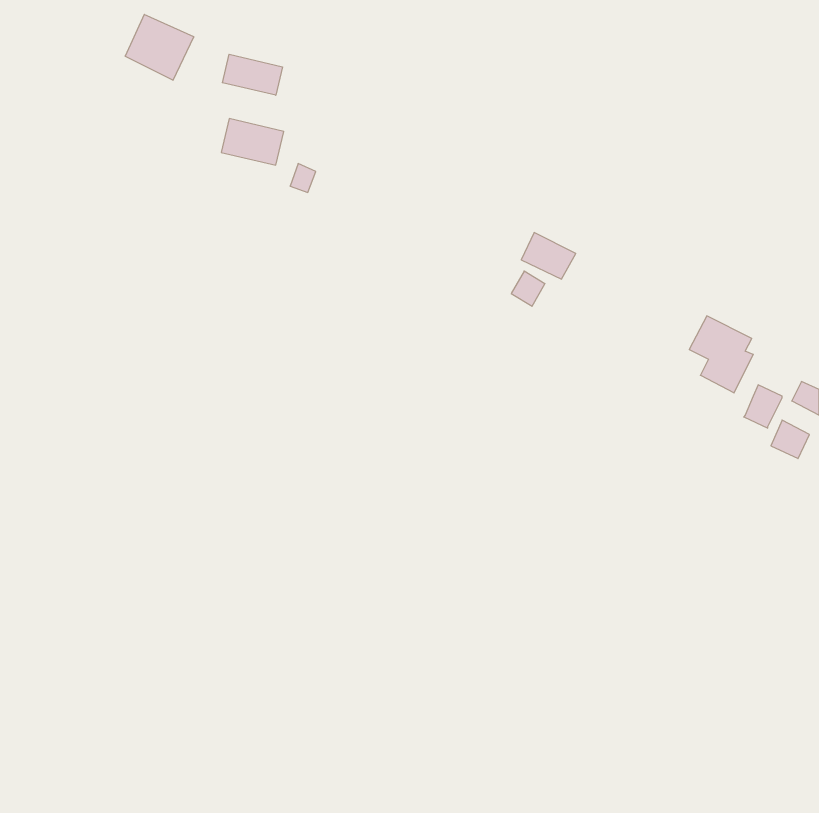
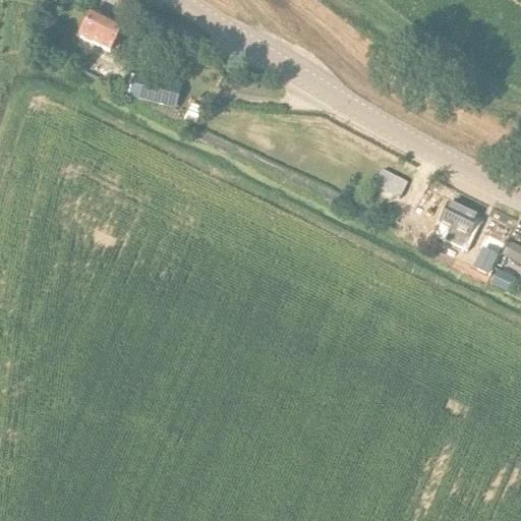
building: [222,54,282,95] -> none
building: [521,233,576,279] -> [372,166,407,195]

